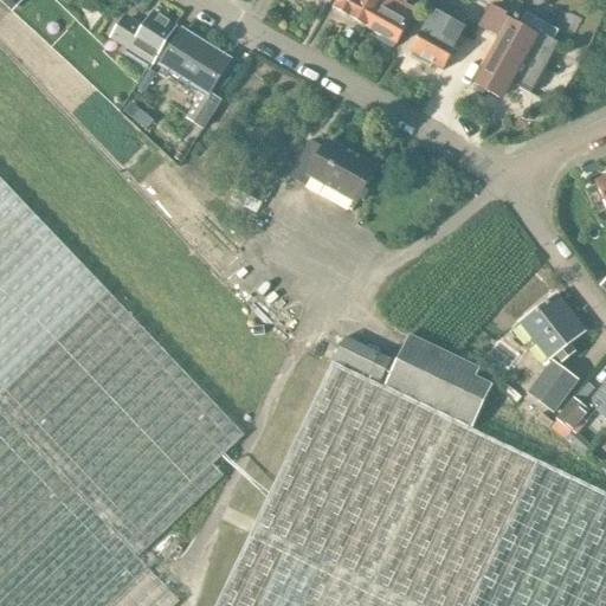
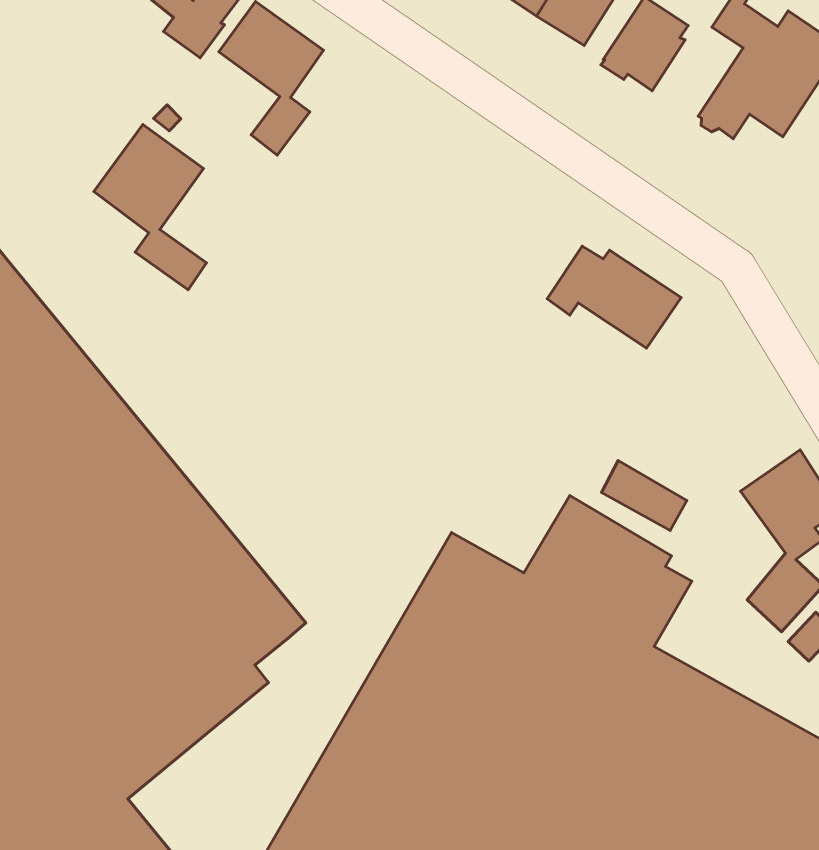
building: none -> [94,124,206,290]
building: [289,142,375,205] -> [547,246,681,348]
building: [336,339,392,381] -> [601,461,687,530]

